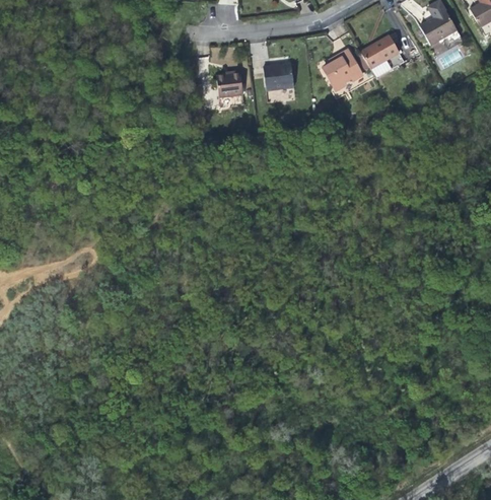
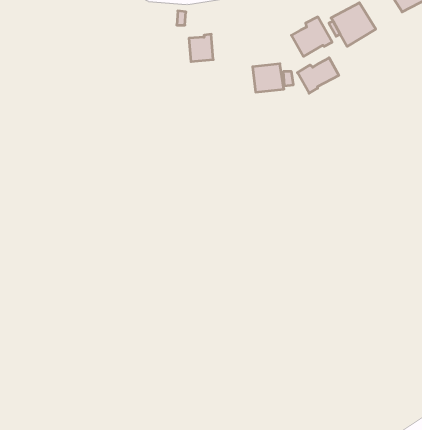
building: [263,62,294,90] -> [253,64,284,92]
building: none -> [297,58,339,93]

